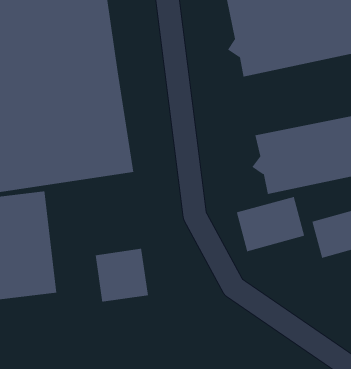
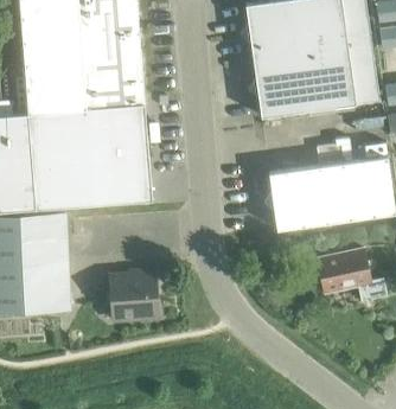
building: [236,196,305,252] -> none

